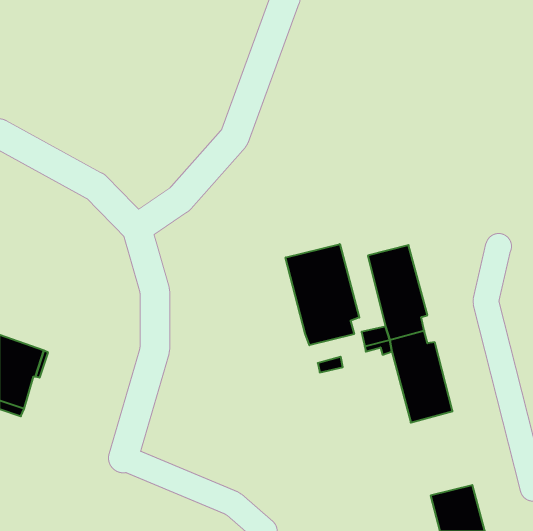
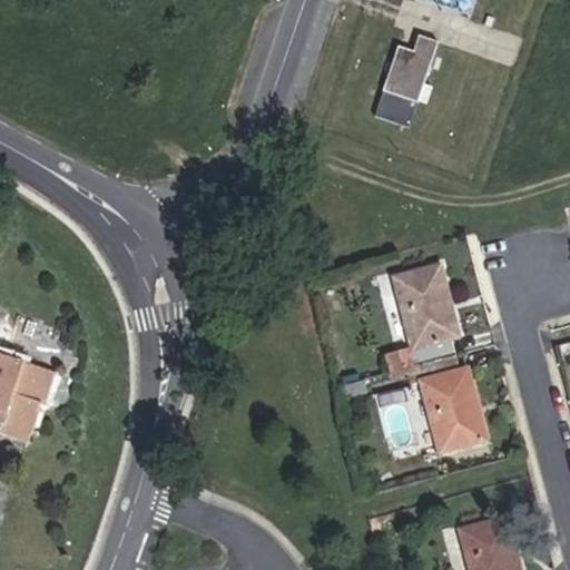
building: none -> [375,33,438,126]
building: [286,244,359,345] -> none

